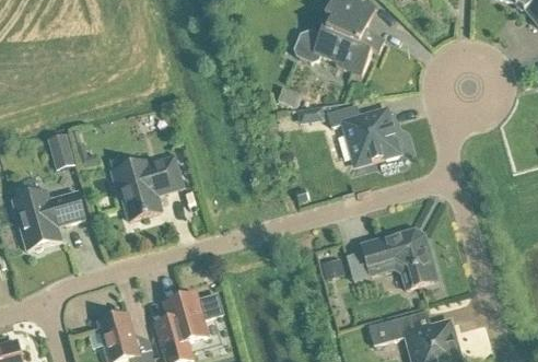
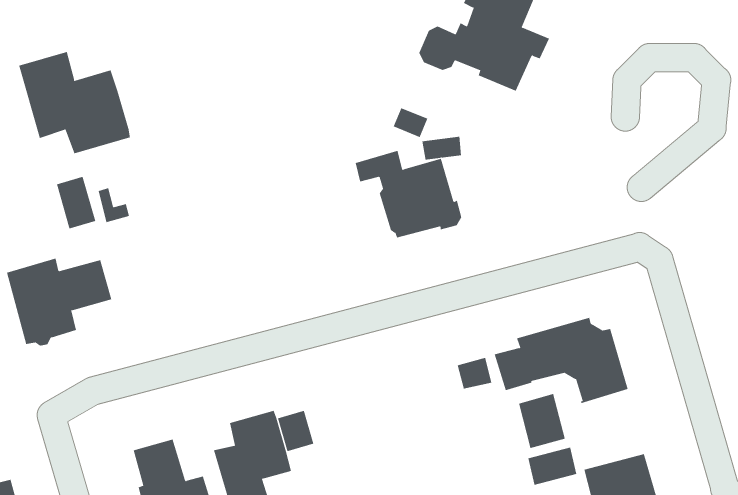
building: none -> [19,51,131,154]
building: [327,104,400,164] -> [355,150,462,238]
building: [113,156,183,219] -> none
building: none -> [518,393,565,449]

